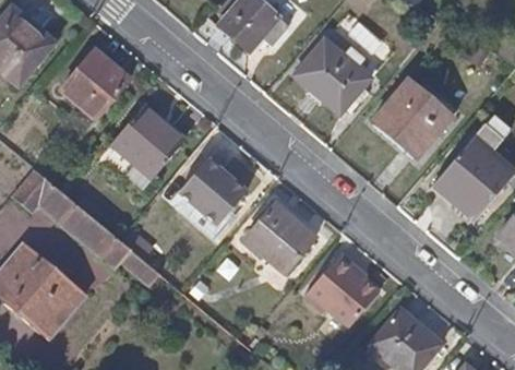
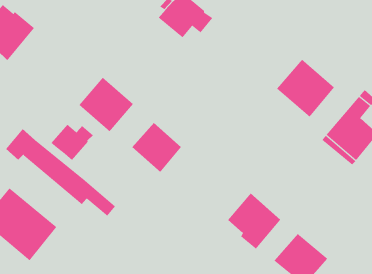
building: [295,39,370,112] -> none
building: [63,47,130,115] -> none
building: none -> [51,124,94,161]
building: [242,200,313,272] -> none

